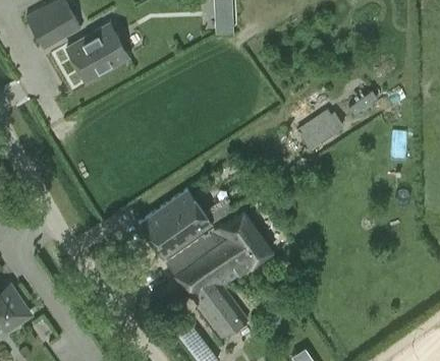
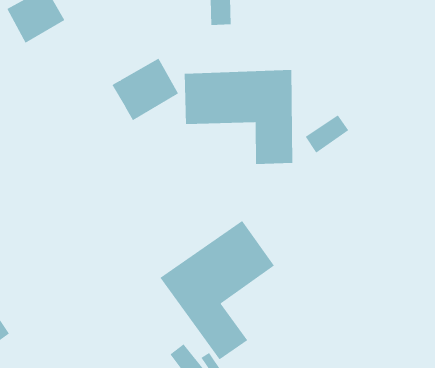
building: [66,25,128,83] -> [111,58,179,121]
building: none -> [184,69,293,165]
building: [140,190,213,258] -> none

